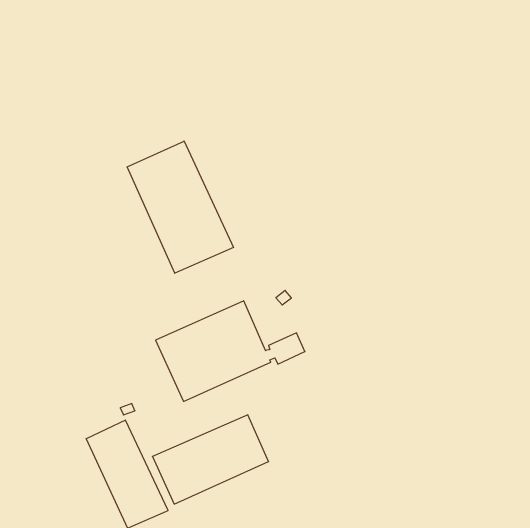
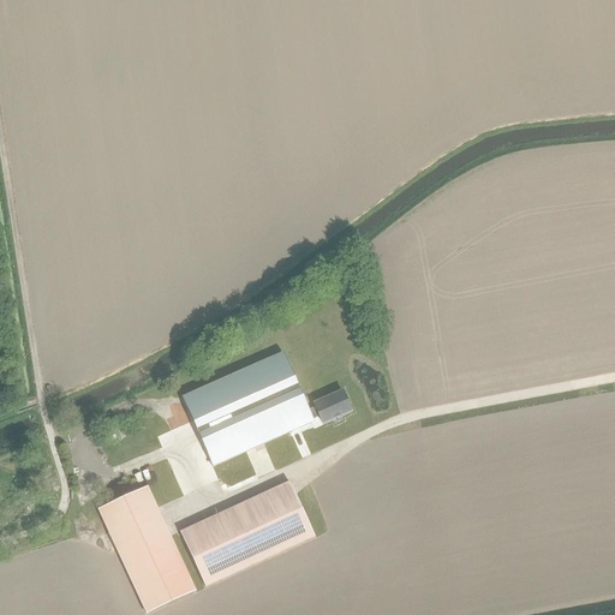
building: [127,141,233,273] -> none

